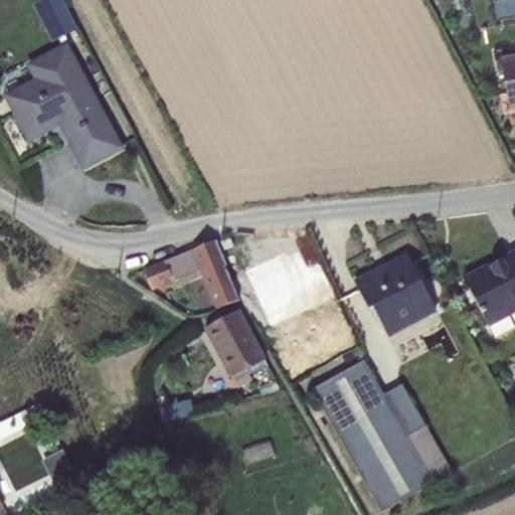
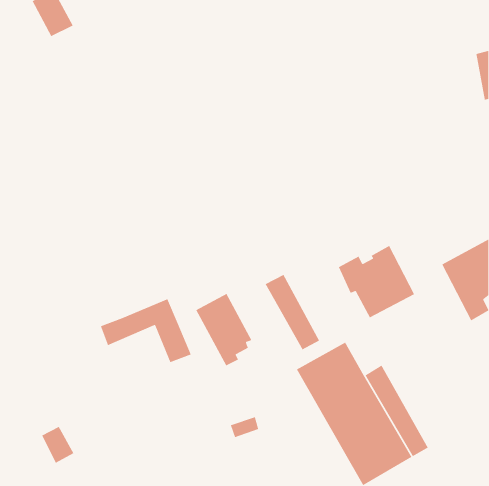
building: [7,42,120,165] -> none
building: [143,238,239,307] -> [100,298,192,363]
building: none -> [264,274,320,351]

